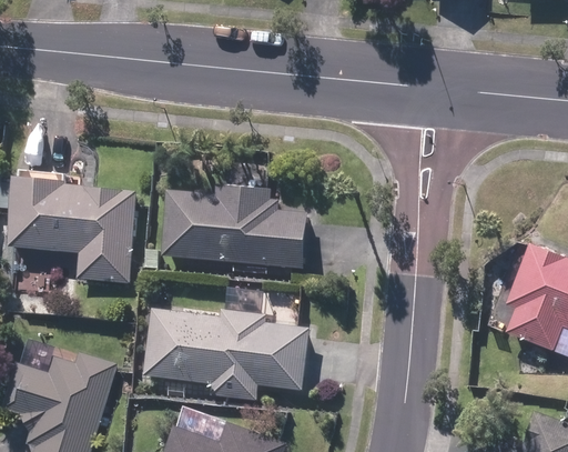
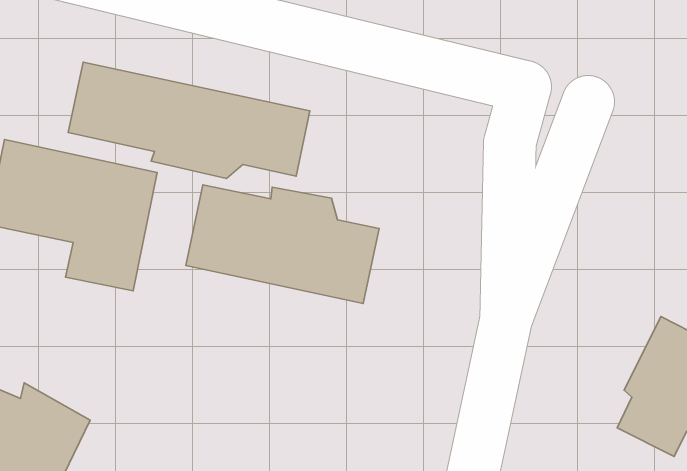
building: none -> [68,62,310,179]
building: [145,318,303,393] -> none

